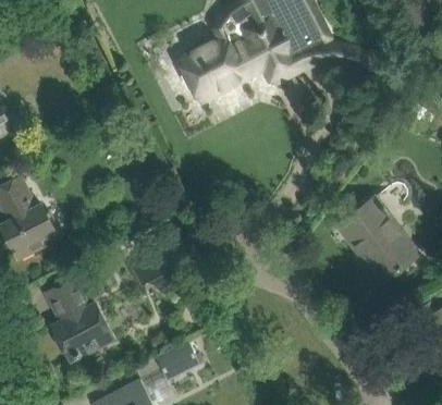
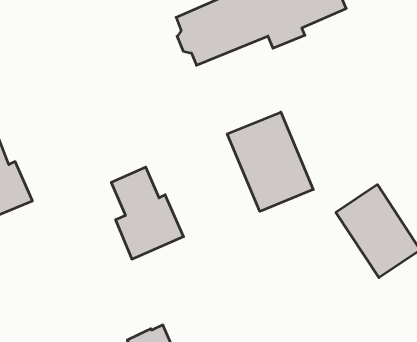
building: none -> [227,112,313,211]
building: [44,275,113,360] -> [111,167,184,259]

